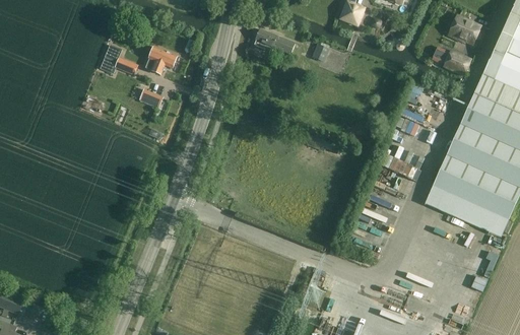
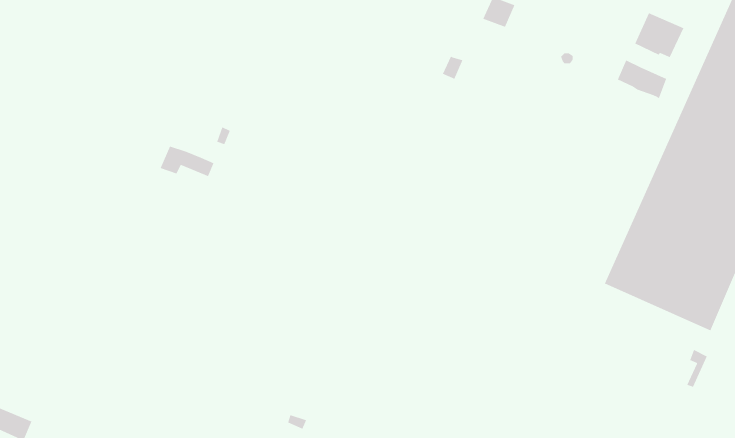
building: [253,27,296,53] -> none
building: [144,45,177,72] -> none
building: [100,51,138,73] -> [159,145,214,177]

